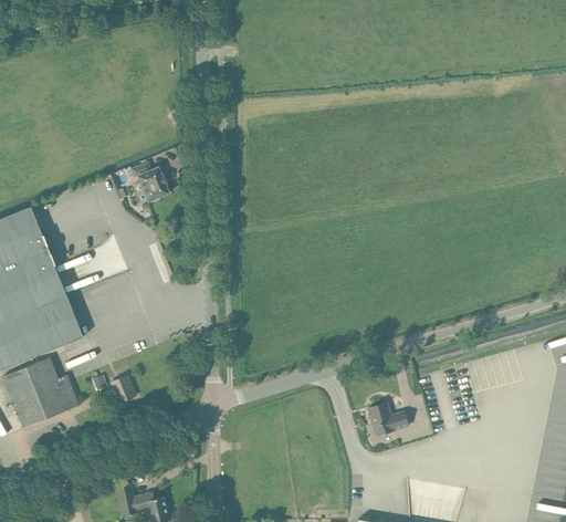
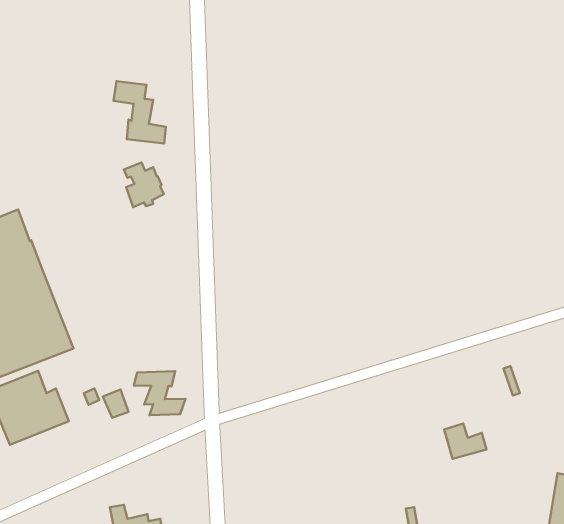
building: none -> [113,81,166,144]
building: none -> [134,371,185,415]
building: [368,401,408,435] -> [444,424,487,459]

